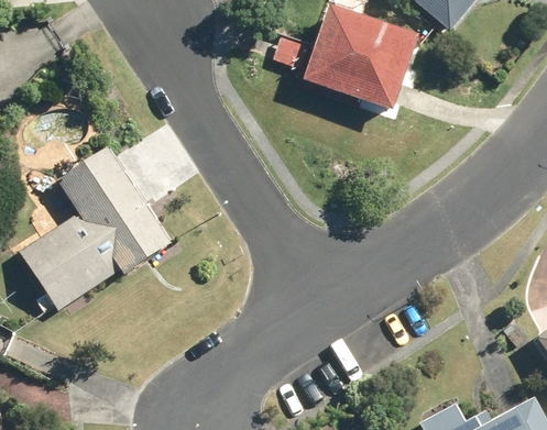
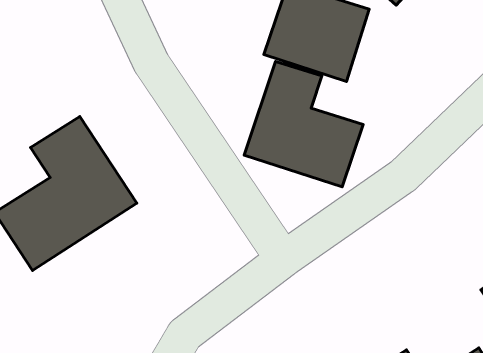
building: none -> [244,62,363,187]

